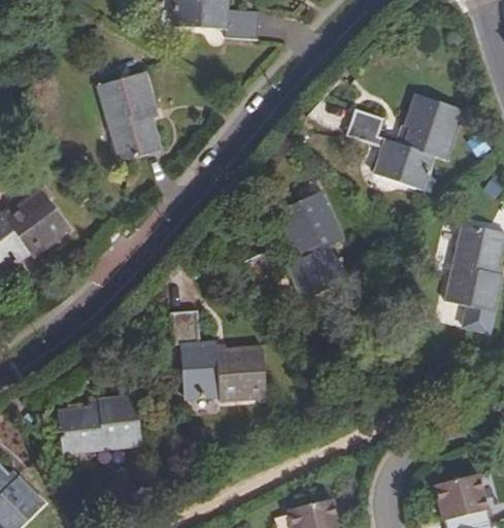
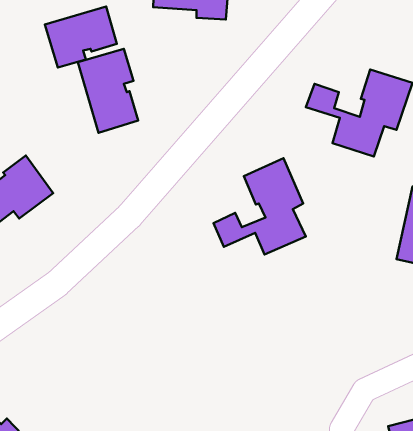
building: none -> [45,6,117,68]
building: [169,310,267,400] -> none
building: [59,395,140,453] -> none

